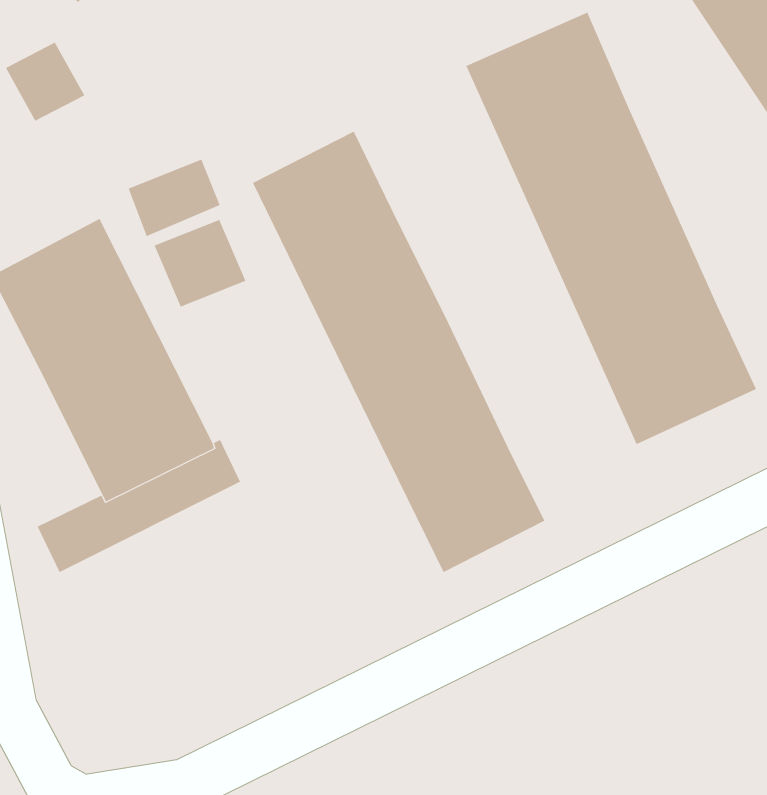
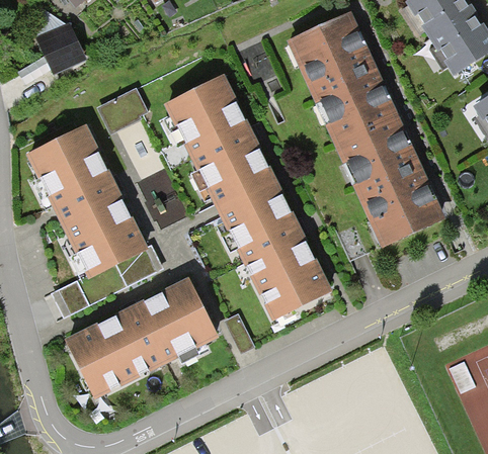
building: [154,219,246,307] -> none
building: none -> [64,277,218,396]

